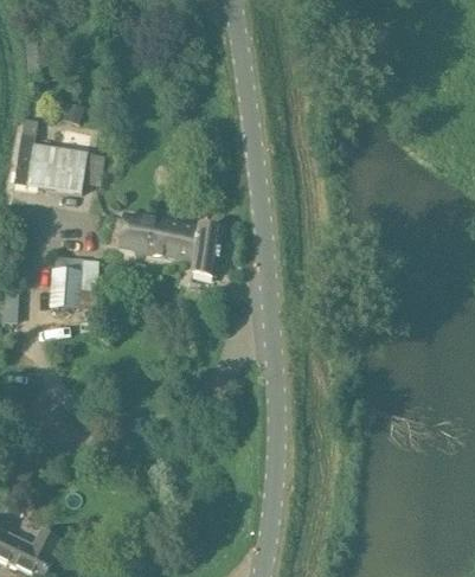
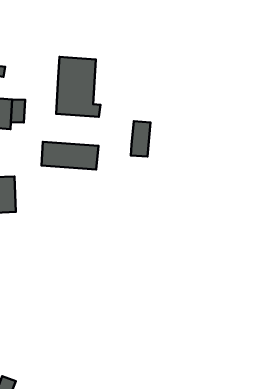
building: none -> [56,57,101,117]
building: [192,225,223,275] -> [131,121,151,157]

